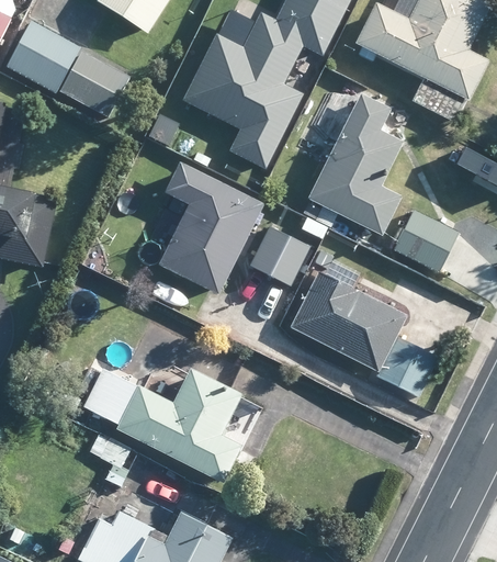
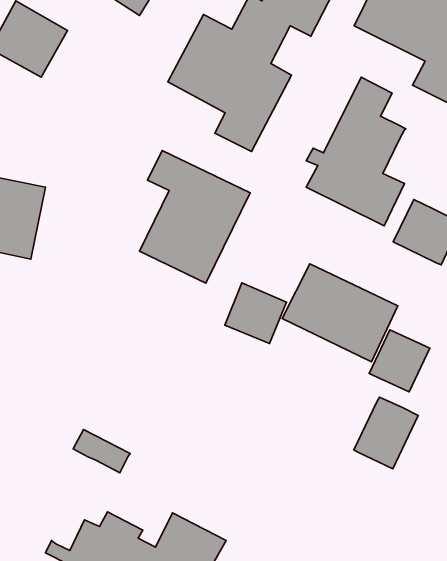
building: [60,52,131,119] -> none
building: [242,226,302,284] -> [225,283,286,343]
building: [83,368,246,484] -> none
building: none -> [354,397,418,469]

